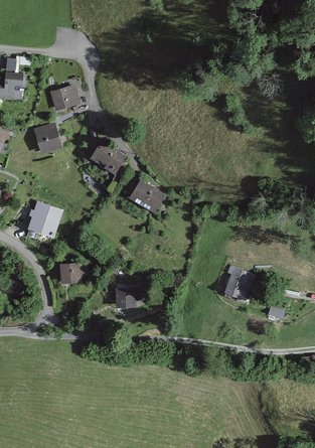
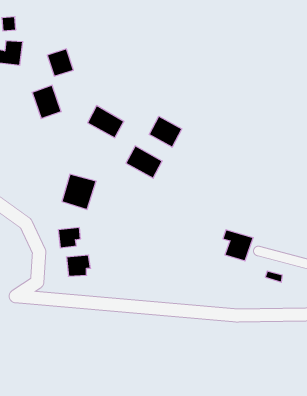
building: none -> [149,116,182,147]
building: [26,201,60,237] -> [62,174,96,210]
building: [115,288,139,309] -> [66,255,91,276]

